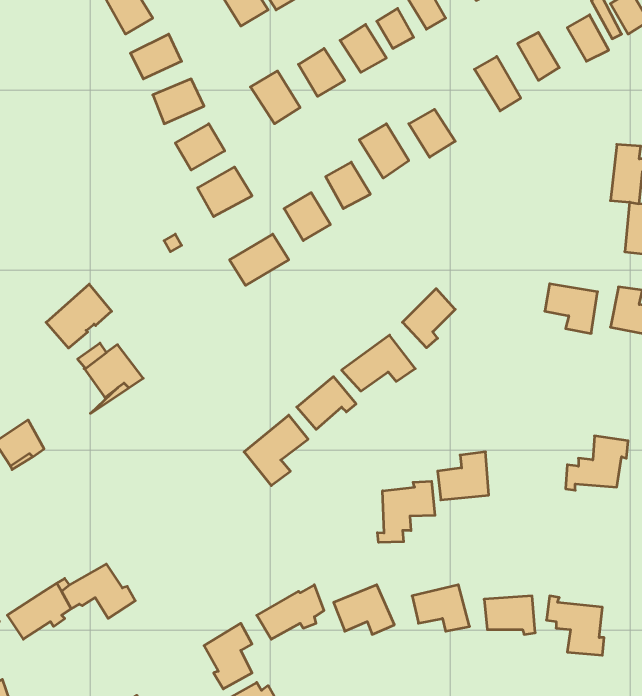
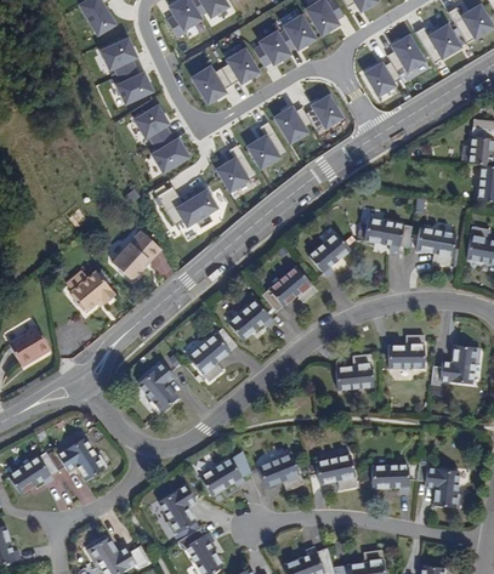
building: none -> [364,222,409,251]
building: [46,284,112,348] -> [118,231,167,279]
building: none -> [380,333,422,366]
building: none -> [136,359,176,409]
building: [377,481,435,542] -> none

